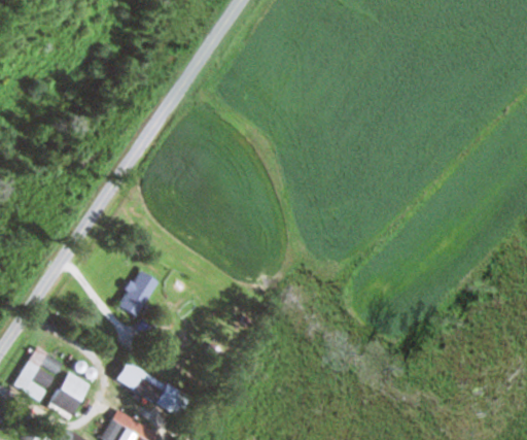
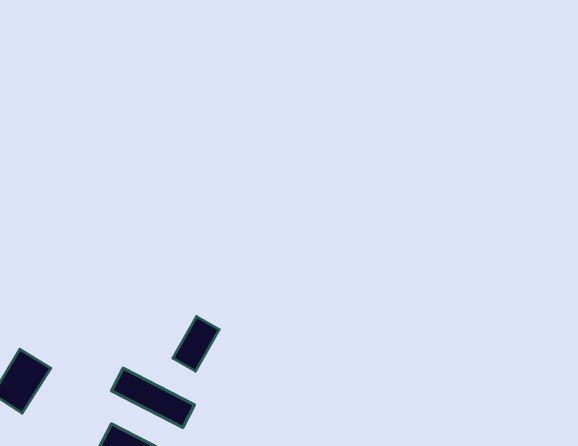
building: [117,269,157,316] -> [173,316,219,371]
building: [46,370,91,419] -> none

